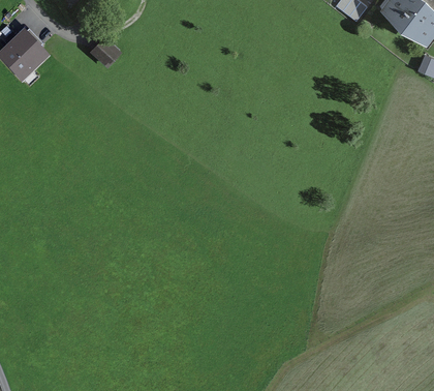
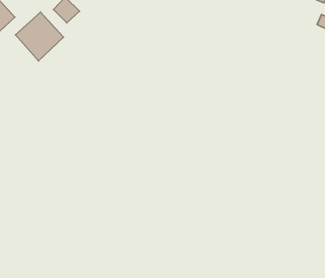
building: none -> [16,12,63,61]

